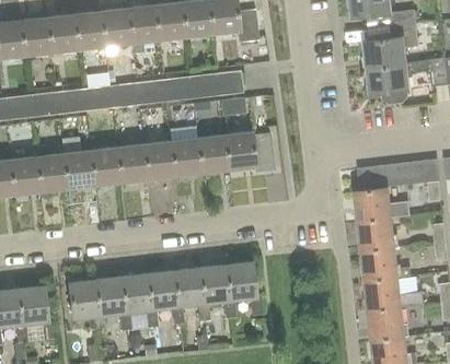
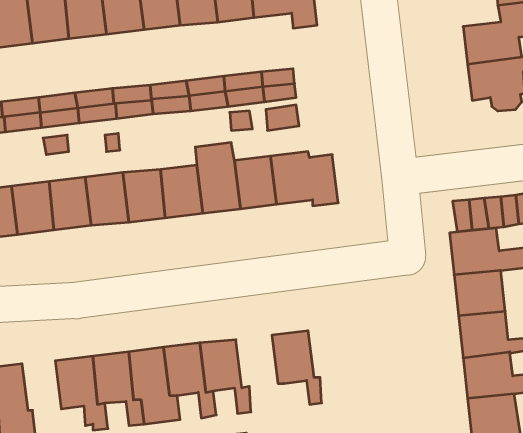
building: [198,265,235,318] -> none

